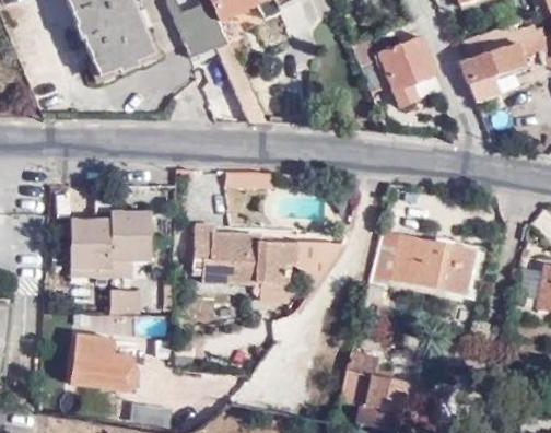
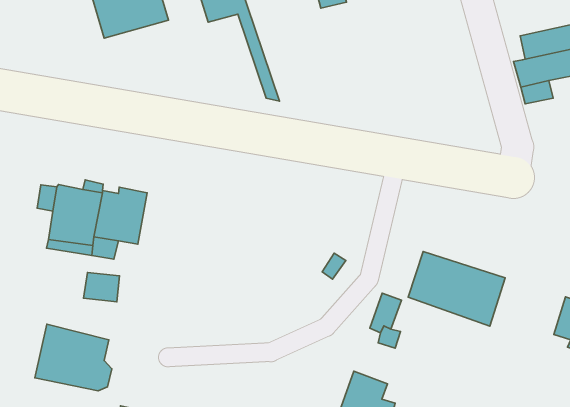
building: [353,31,435,108] -> none
building: [190,226,295,290] -> none

